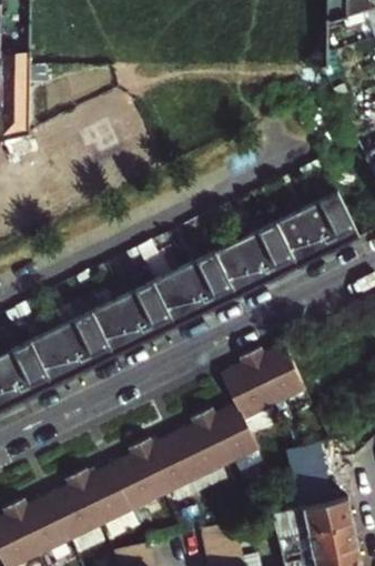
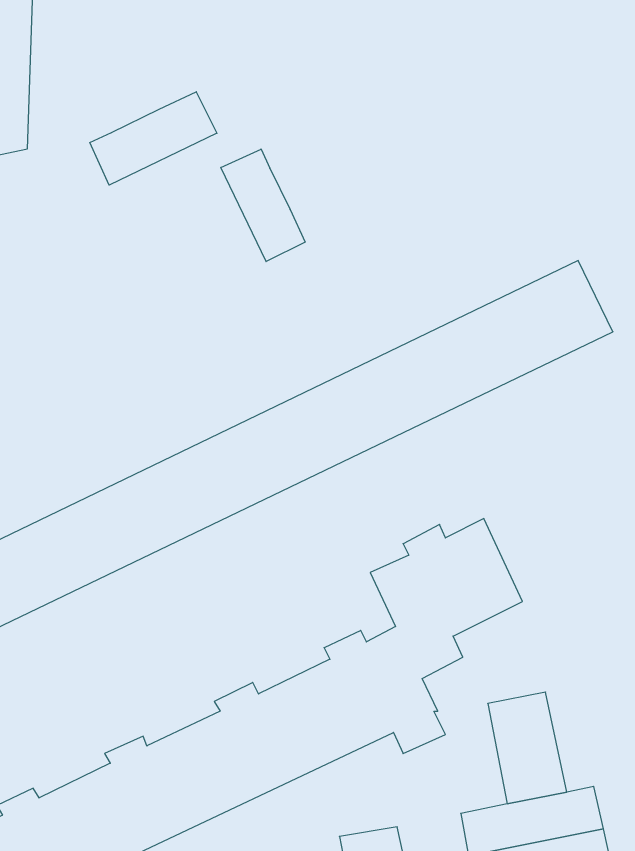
building: none -> [90,92,217,185]
building: none -> [221,149,305,262]

